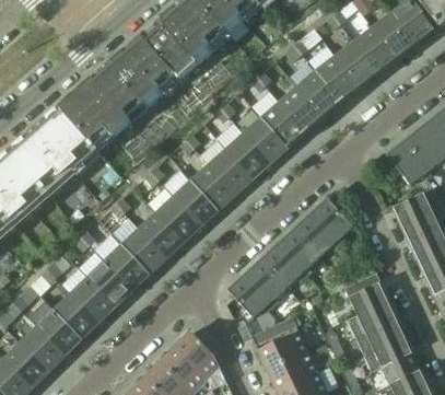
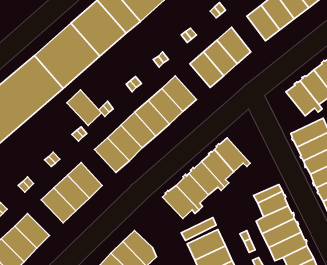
building: [315,56,359,102] -> none
building: [243,117,288,163] -> none
building: [309,197,352,245] -> none
building: [121,228,166,274] -> [67,90,102,126]
building: [52,292,98,338] -> none

